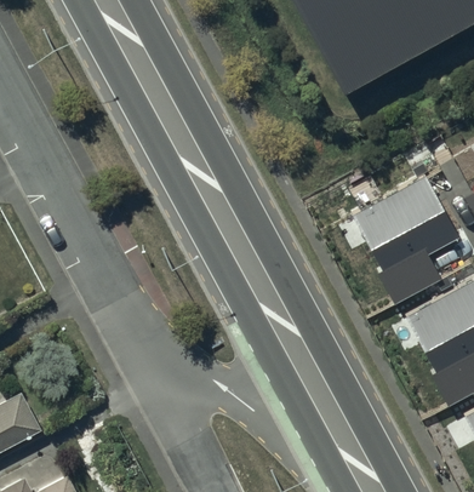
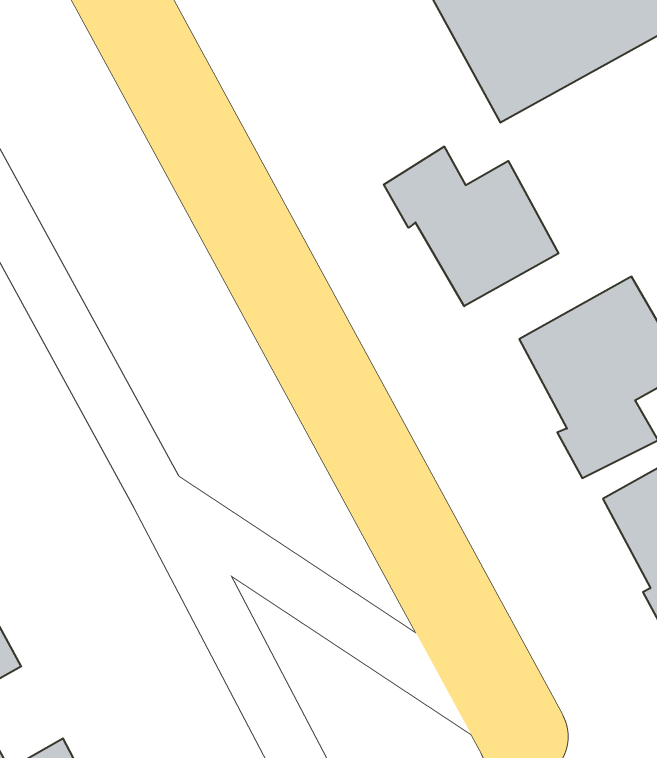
building: none -> [384,146,558,306]

